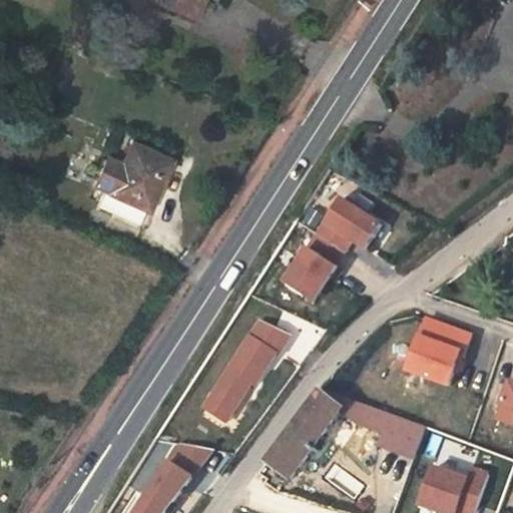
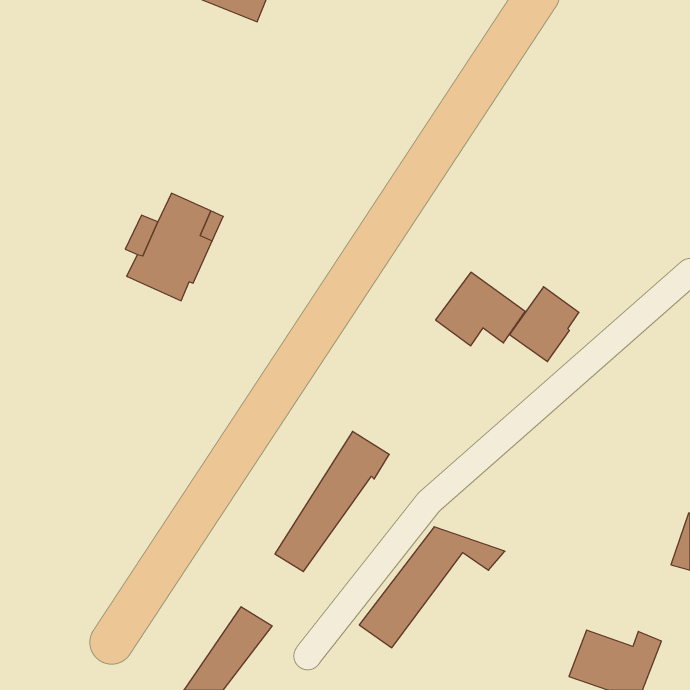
building: [296,235,347,291] -> [509,287,579,362]
building: [405,316,469,382] -> none
building: [360,406,423,455] -> none

